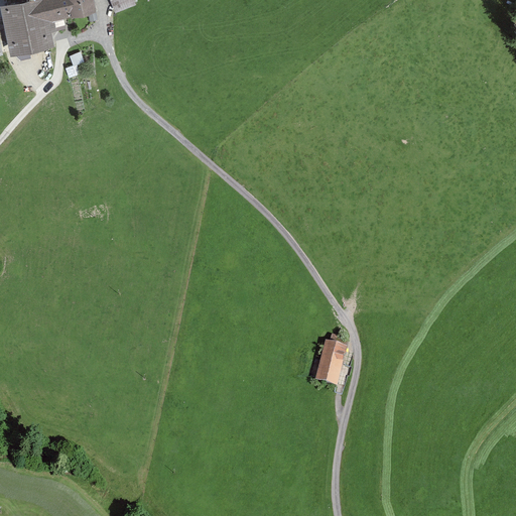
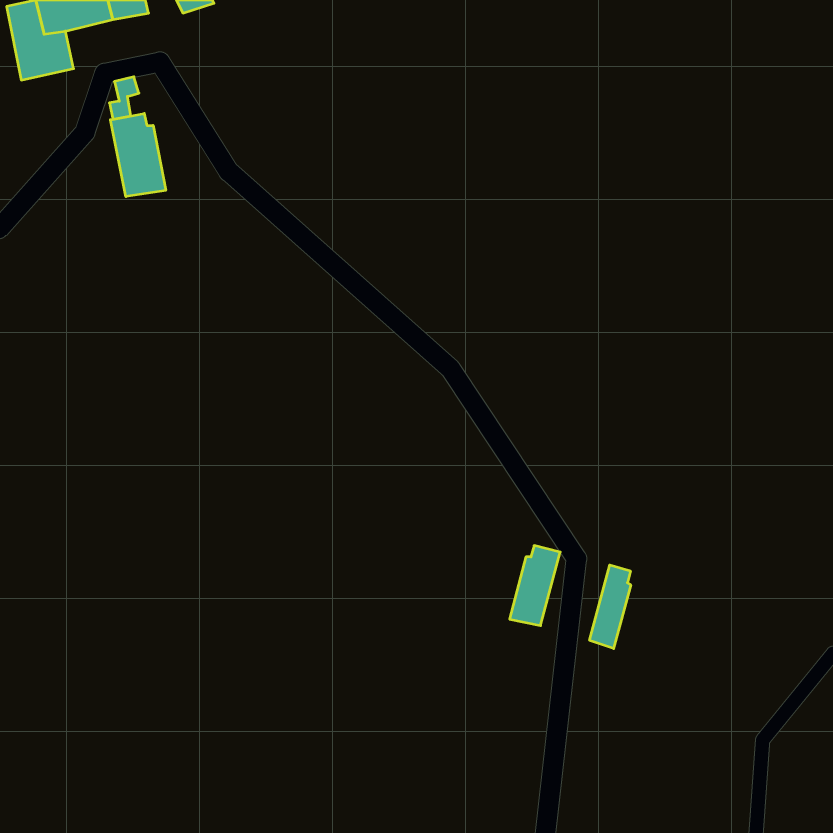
building: none -> [110,113,166,197]
building: none -> [590,565,631,649]

